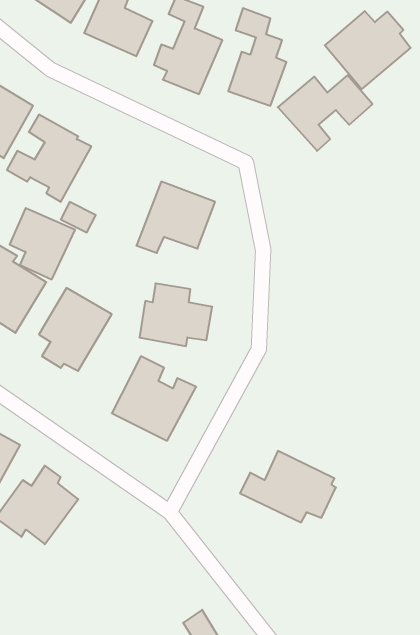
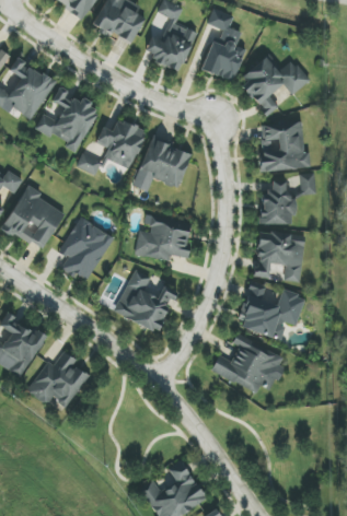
building: [325,11,411,89] -> none
building: none -> [259,121,310,169]
building: [10,208,75,279] -> [97,115,147,168]
building: none -> [262,176,315,224]
building: none -> [254,231,304,281]
building: none -> [236,281,305,337]

